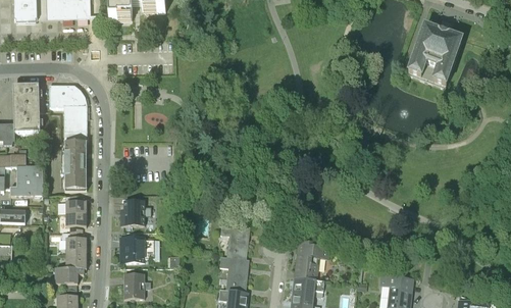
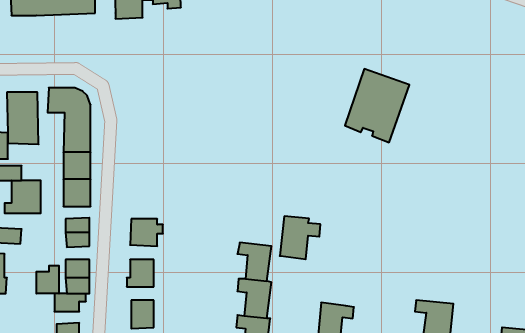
building: [407,23,465,90] -> [345,69,409,142]
building: [294,241,330,279] -> [280,216,320,259]
building: none -> [36,266,59,294]

